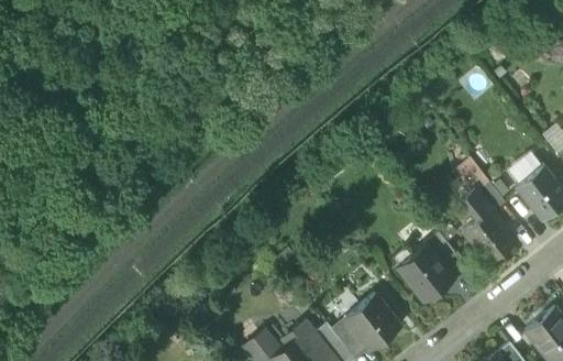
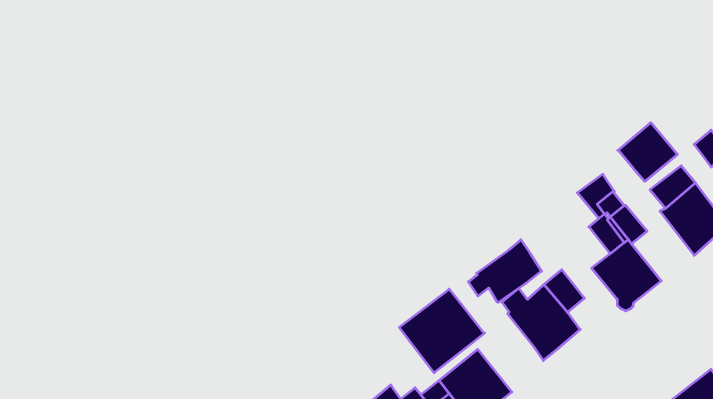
building: none -> [618,123,677,181]
building: none -> [468,240,542,302]
building: none -> [399,289,485,373]

